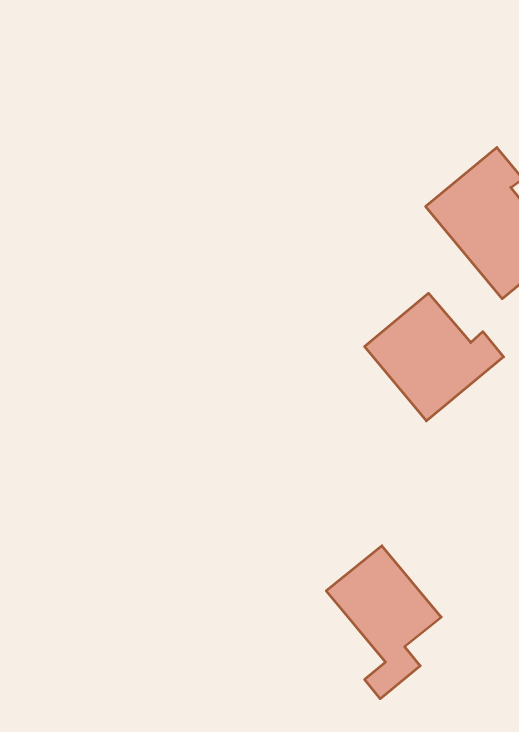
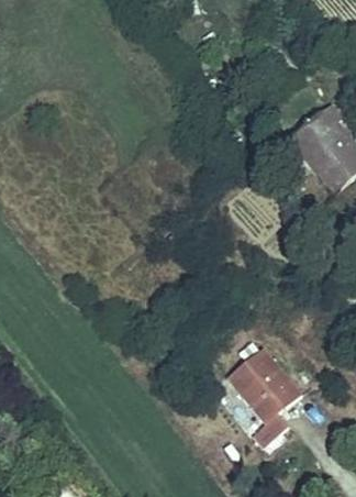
building: [365,293,504,421] -> none

